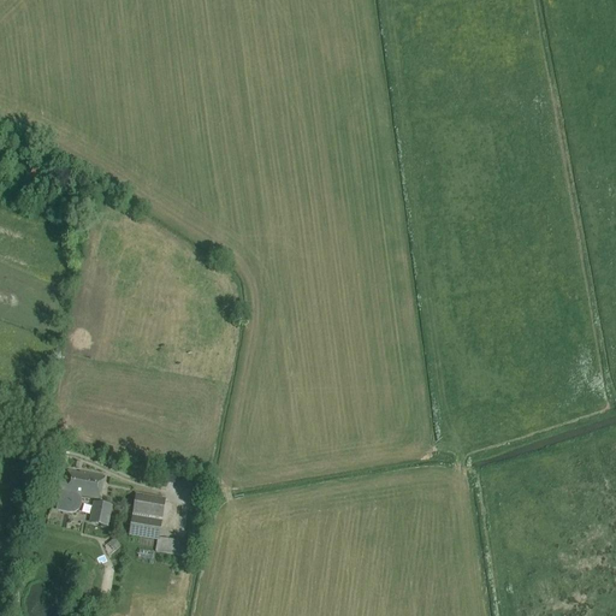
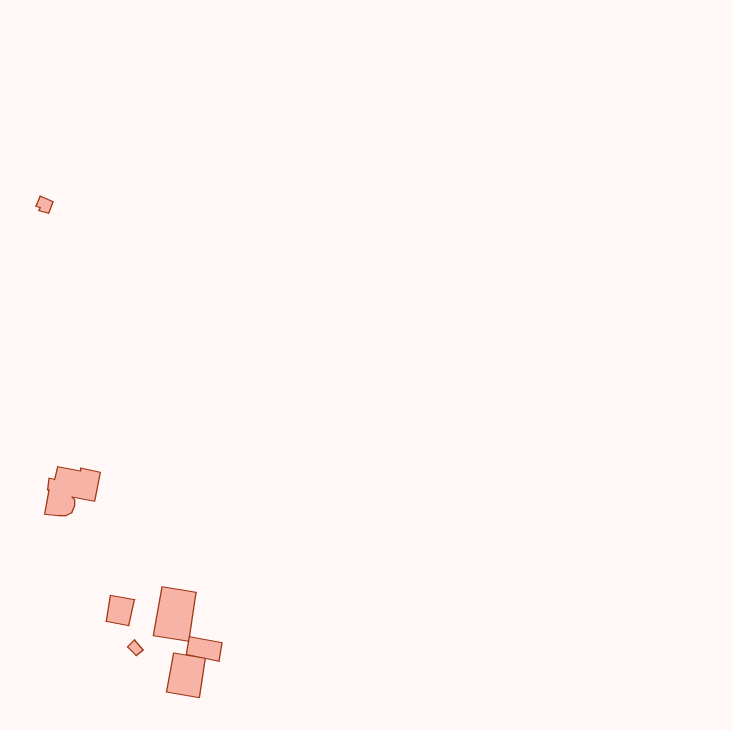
building: [57,470,103,511] -> [45,467,100,515]
building: none -> [166,653,205,698]

